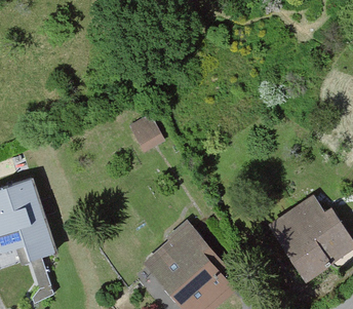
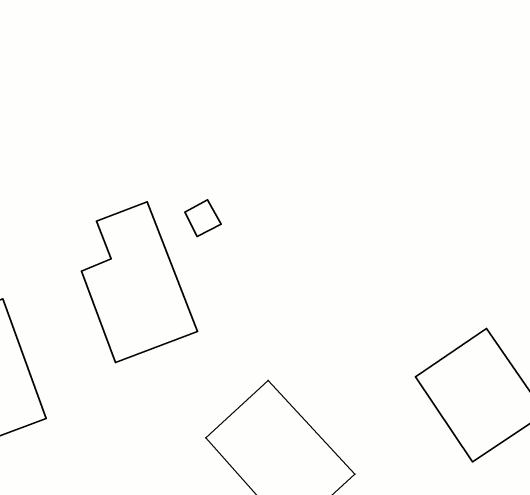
building: none -> [81,202,197,362]

